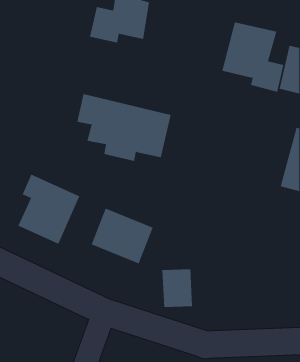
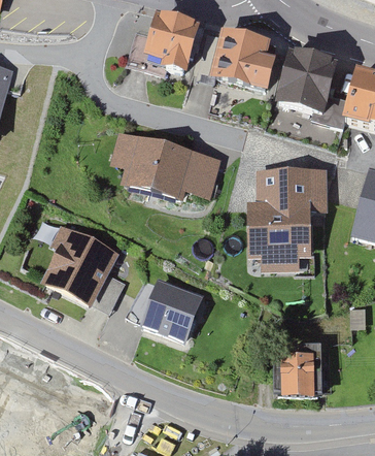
building: none -> [215,28,283,89]
building: none -> [246,168,326,273]
building: [162,269,193,307] -> [277,360,313,404]

